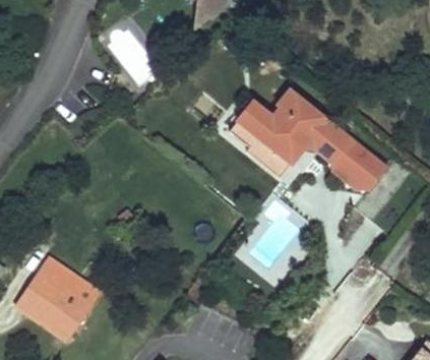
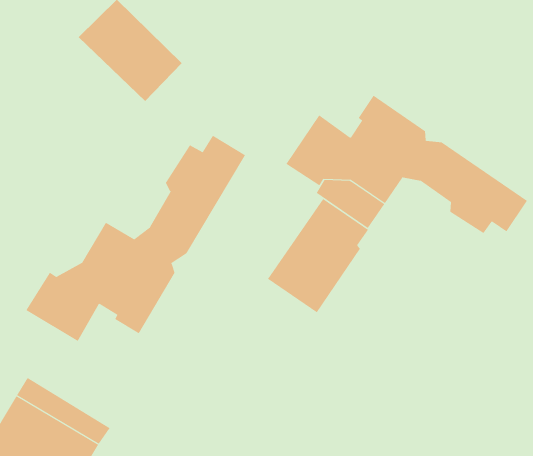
building: none -> [26,135,246,342]
building: none -> [267,198,369,313]

